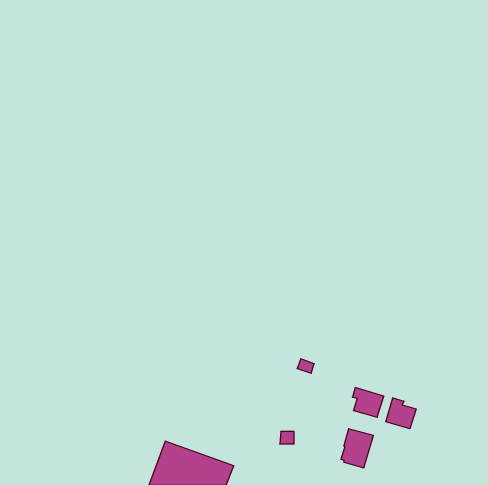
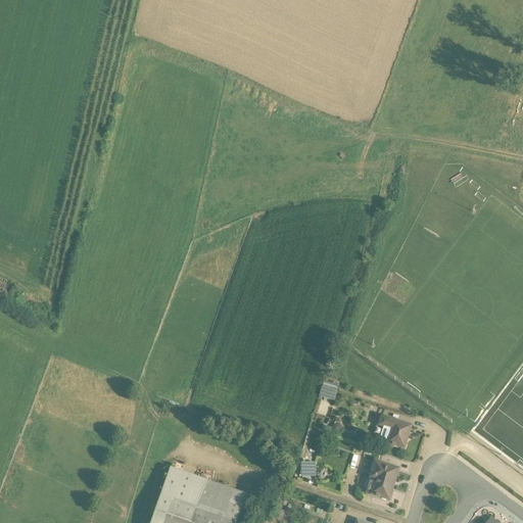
building: [386,398,416,429] -> none

